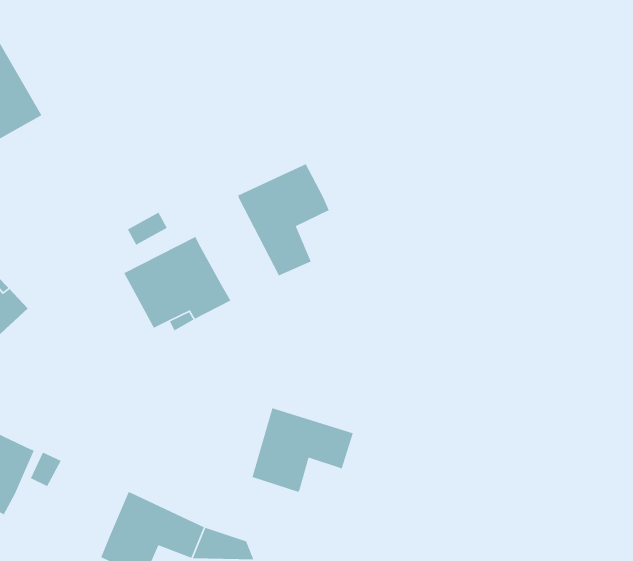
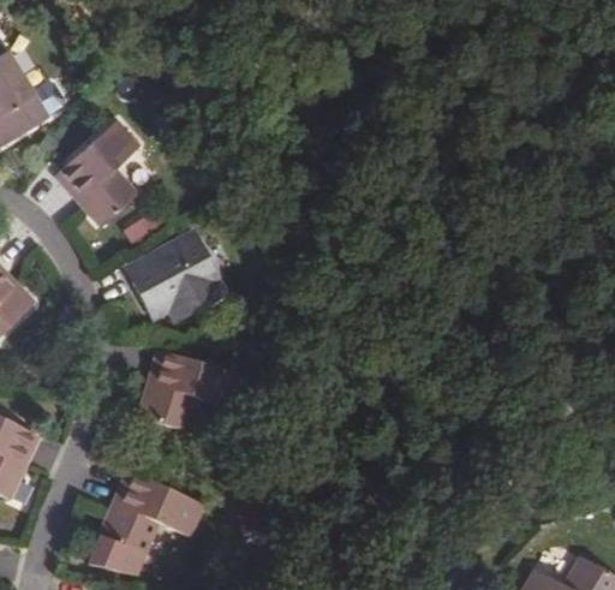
building: none -> [54,121,137,225]
building: [237,163,330,276] -> none
building: [252,407,354,493] -> [137,351,233,431]

